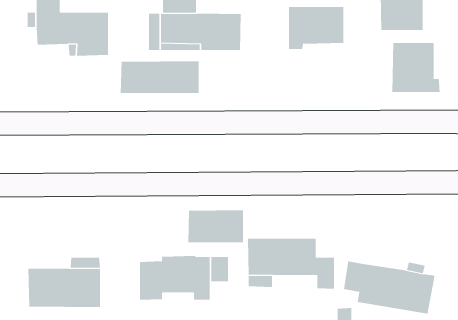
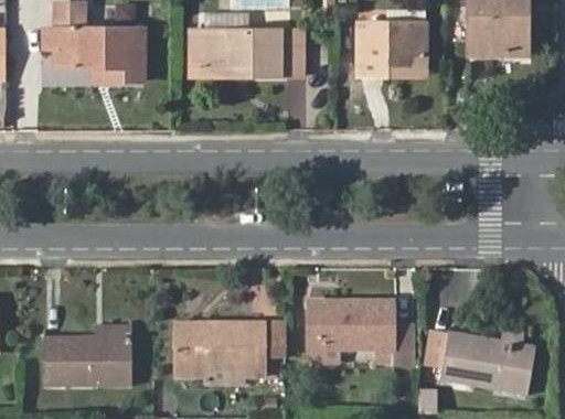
building: [392,42,440,93] -> none
building: [120,60,199,94] -> none
building: [188,209,244,243] -> none

